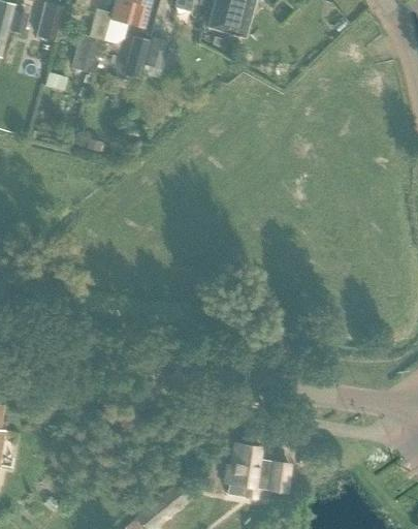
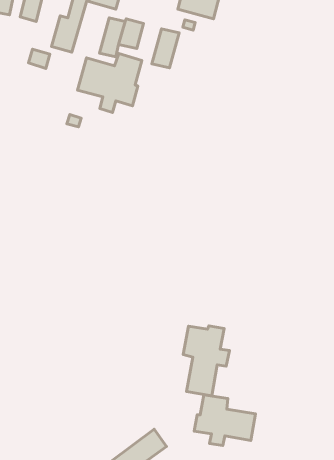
building: none -> [152,29,179,68]
building: none -> [78,53,142,113]
building: none -> [183,326,229,396]

